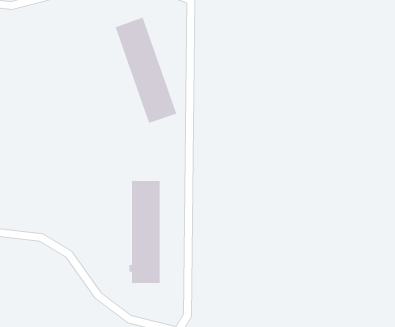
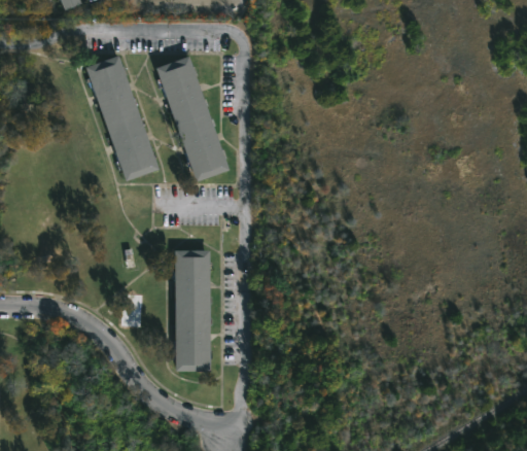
building: none -> [84,56,159,182]

